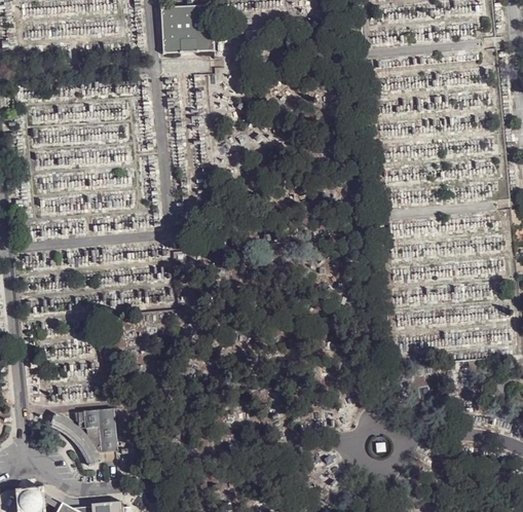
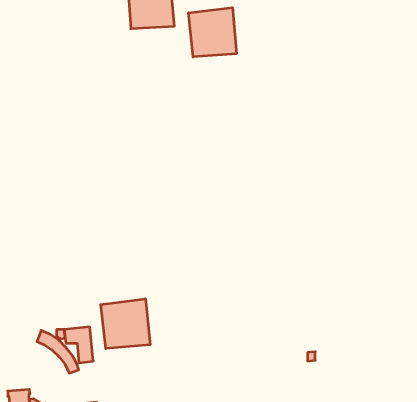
building: none -> [189,8,236,57]
building: none -> [101,299,150,349]

